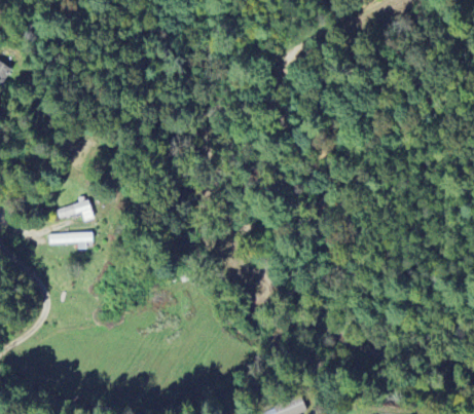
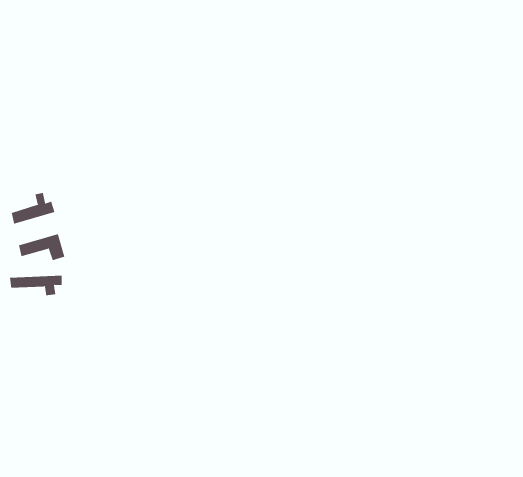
building: none -> [11,192,55,224]

